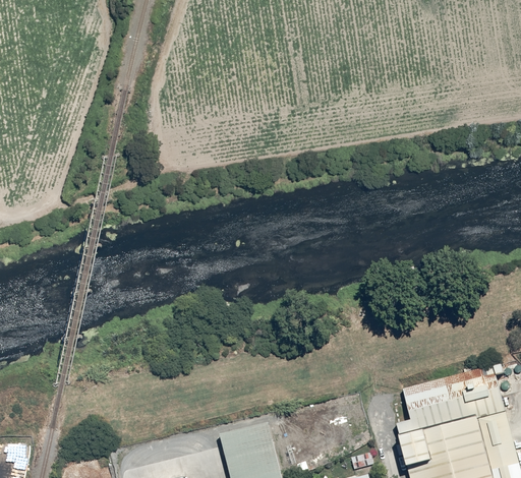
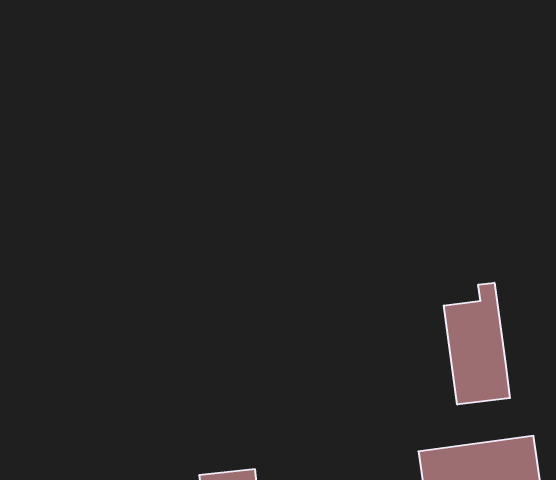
building: none -> [444,283,510,405]

